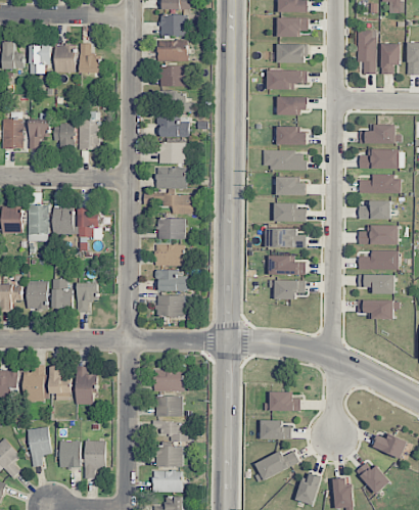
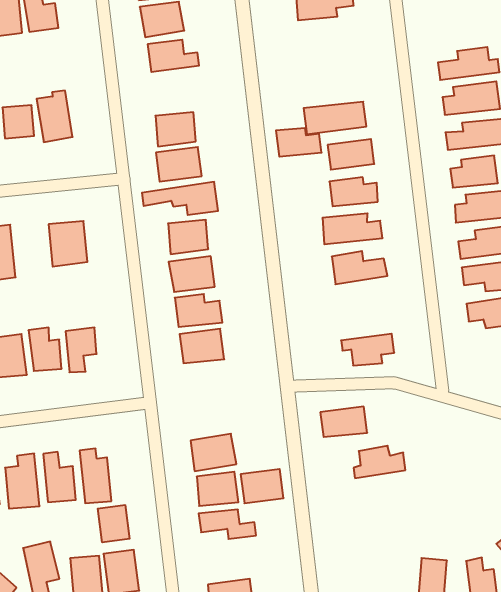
building: [277,96,308,115] -> none
building: [159,115,189,137] -> none
building: [277,126,307,145] -> [276,128,322,157]
building: [52,206,74,234] -> none
building: [269,280,305,299] -> [341,334,394,365]
building: none -> [98,505,130,542]
building: [261,421,291,439] -> [320,407,367,437]
building: [155,446,183,466] -> [241,469,284,503]
building: [254,450,299,482] -> none

